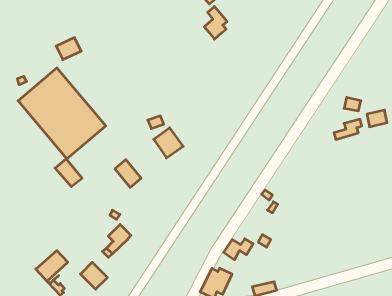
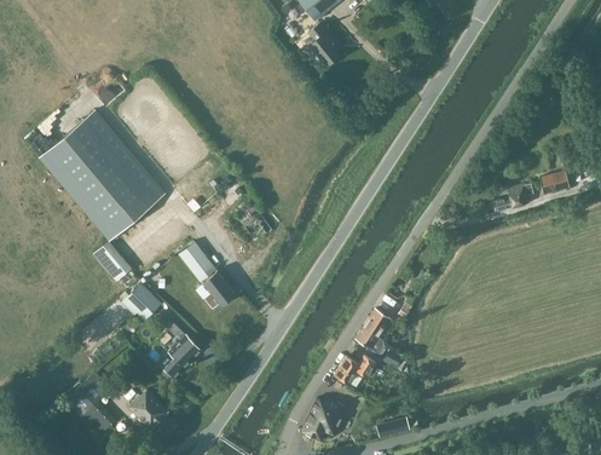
building: none -> [203,271,235,309]
building: none -> [126,284,161,319]
building: none -> [356,309,392,355]

